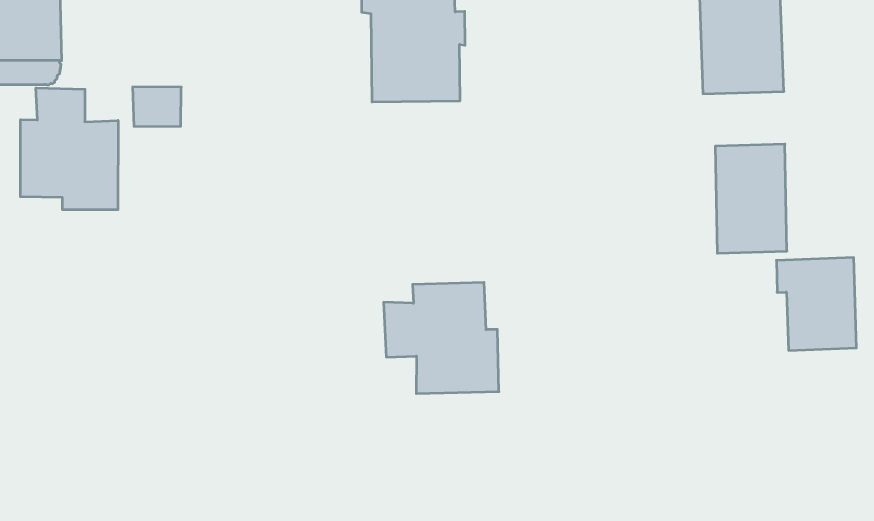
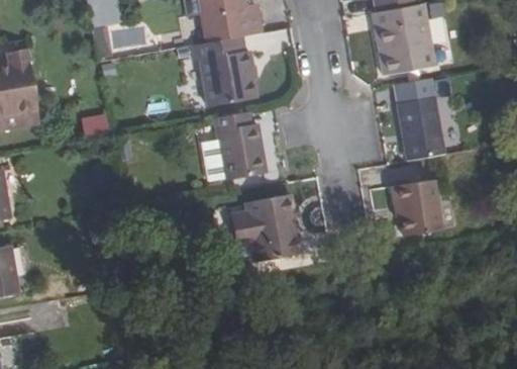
building: [20,88,118,210] -> none
building: none -> [215,112,266,180]
building: [776,258,856,350] -> [390,177,440,233]

